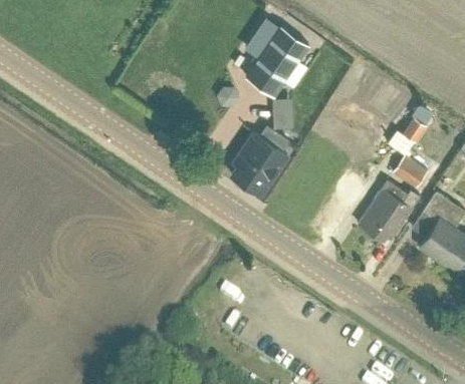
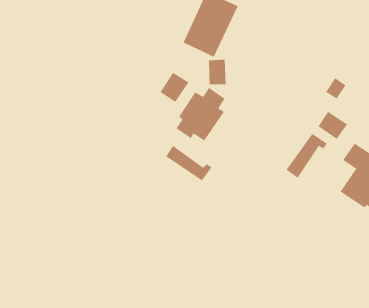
building: none -> [160,72,190,103]
building: [374,188,422,240] -> none
building: none -> [165,145,212,181]

